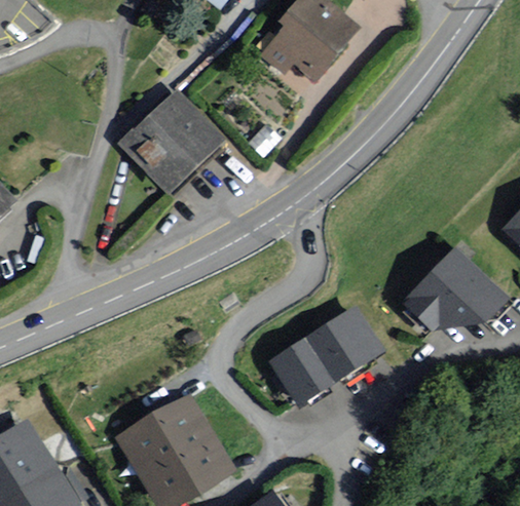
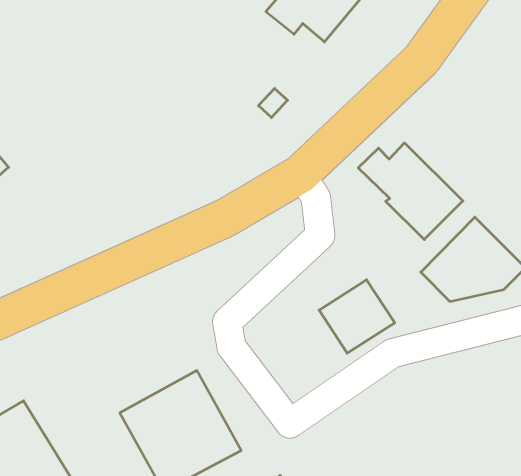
building: [119,90,221,194] -> none
building: none -> [358,143,463,240]
building: [271,341,330,401] -> none

